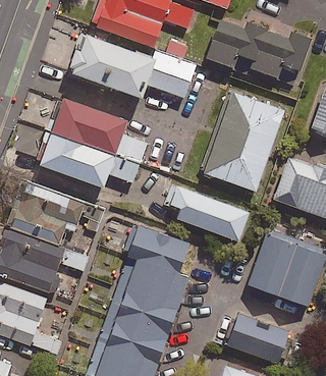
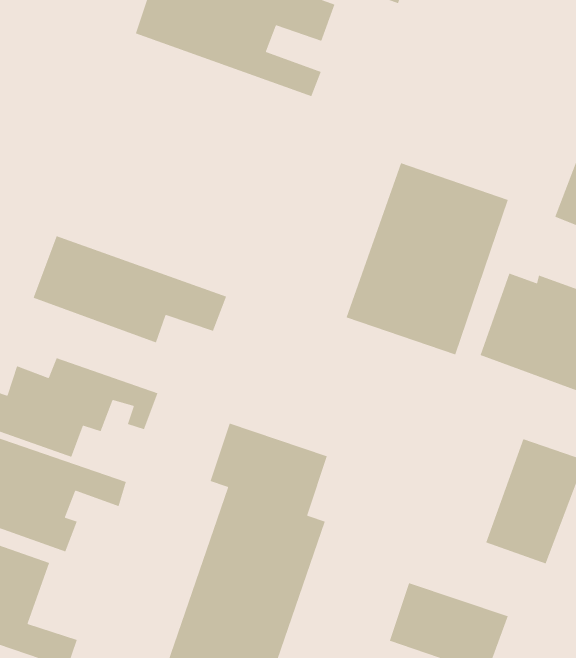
building: [208,24,312,82] -> none
building: [69,37,196,103] -> none
building: [49,97,145,163] -> none
building: [163,186,249,245] -> none
building: [243,226,290,290] -> none

